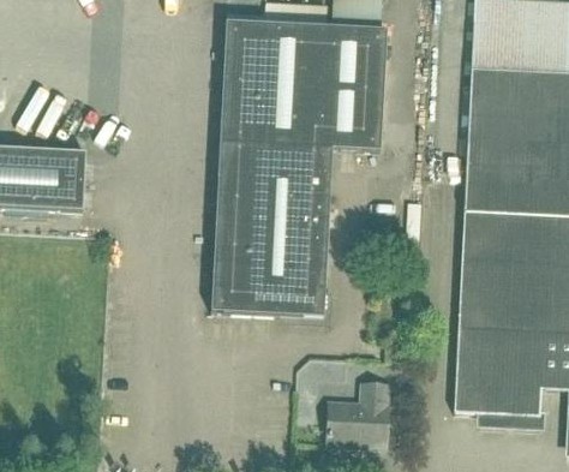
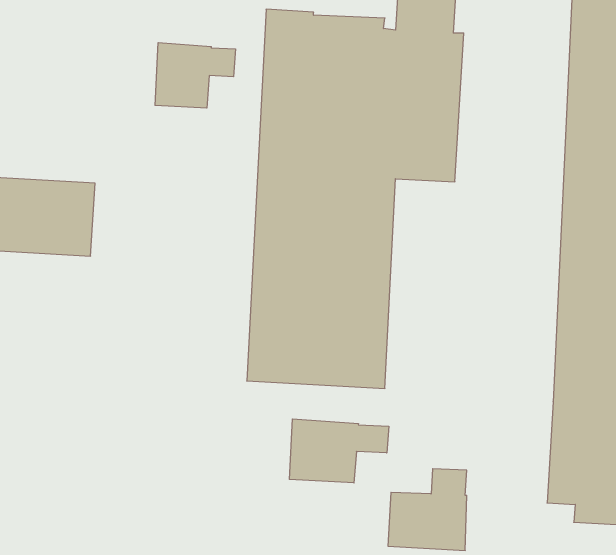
building: none -> [155,43,235,108]
building: none -> [289,419,389,483]

